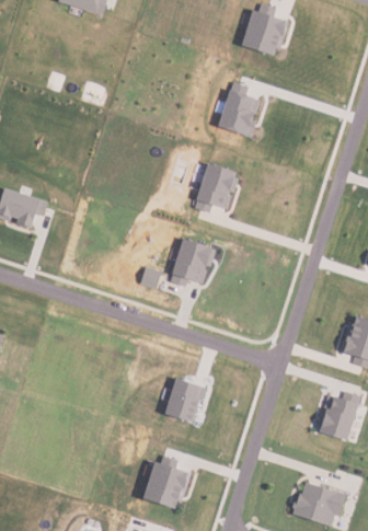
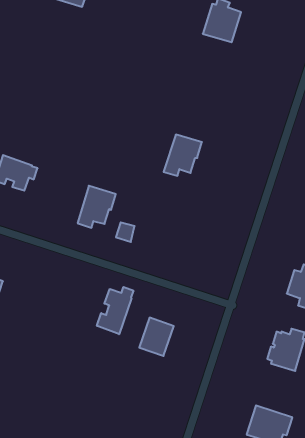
building: [217,83,257,135] -> none
building: [171,238,216,287] -> [78,186,116,228]
building: none -> [97,287,133,334]
building: [146,462,191,508] -> none

